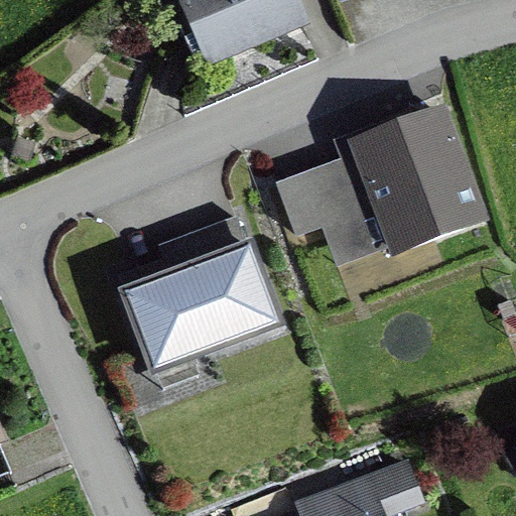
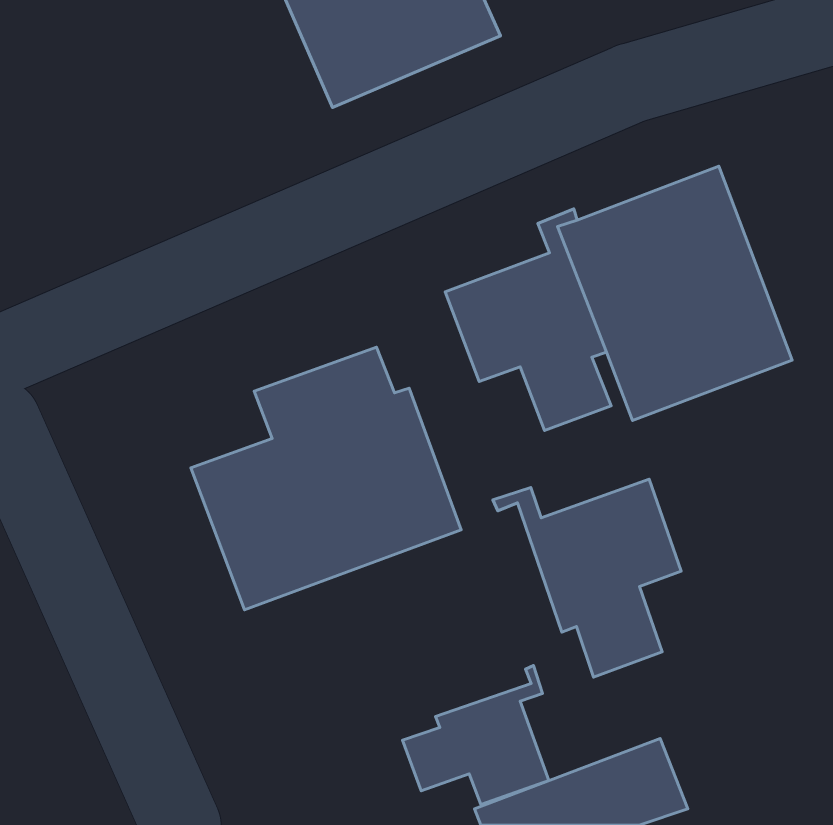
building: none -> [493,479,681,677]
building: none -> [402,665,549,805]

